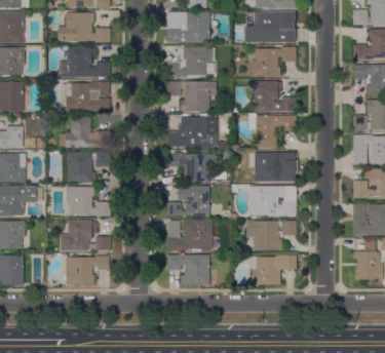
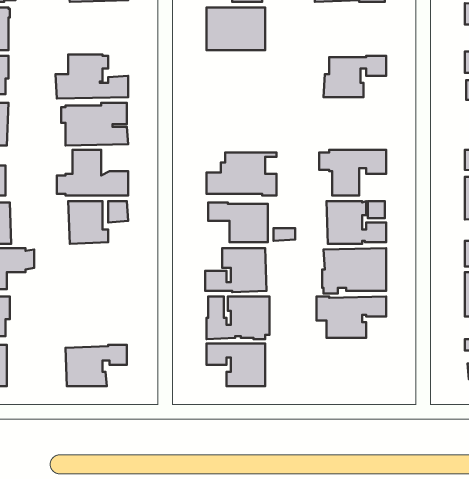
building: [57,12,110,42] -> none
building: [253,12,296,42] -> none
building: [166,46,211,77] -> none
building: [166,81,216,111] -> none
building: [253,81,296,112] -> none
building: [63,187,110,217] -> none
building: [60,221,110,251] -> none
building: [244,256,296,285] -> none

